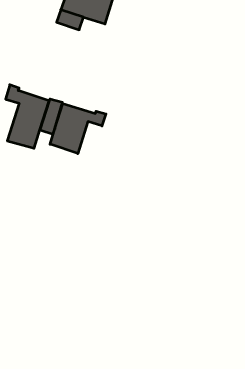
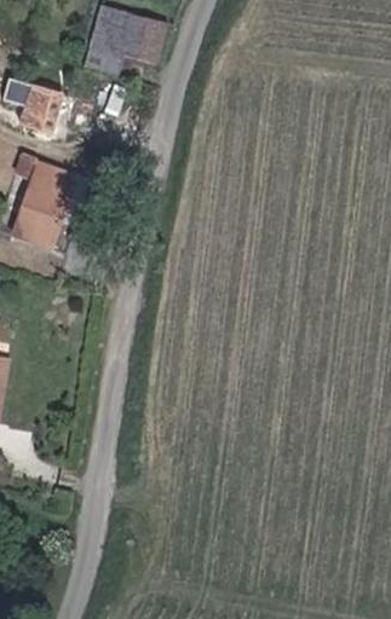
building: none -> [19,82,63,134]
building: [50,104,106,154] -> none

